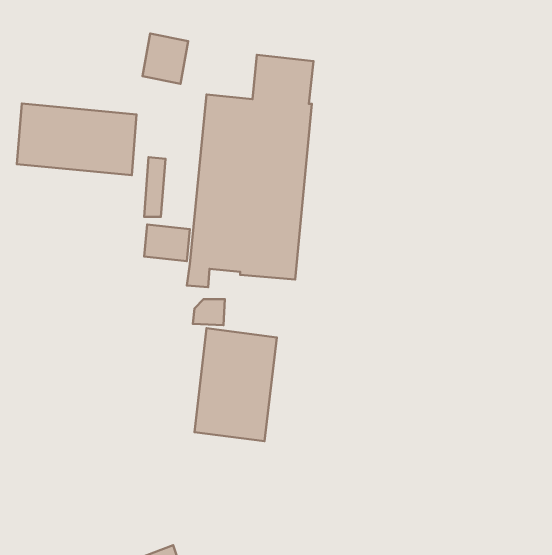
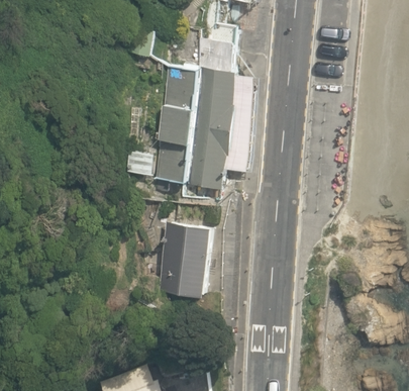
building: [17,103,137,175] -> none

